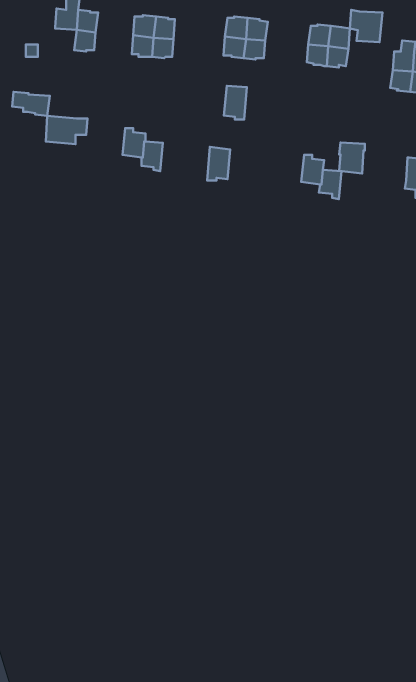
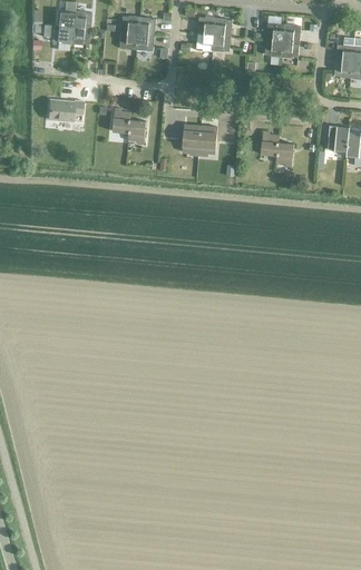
building: [350,10,383,42] -> none
building: [224,86,247,120] -> [198,126,217,154]
building: [12,92,50,116] -> [42,23,74,43]
building: [339,143,365,173] -> [328,126,349,151]

